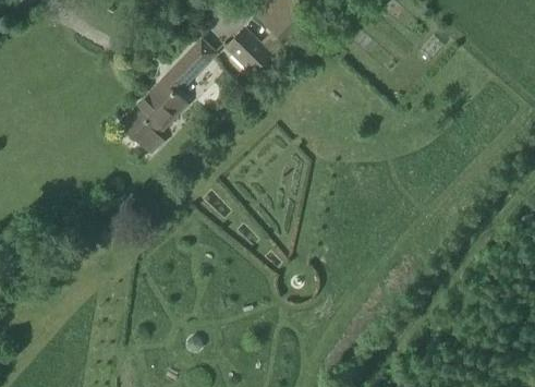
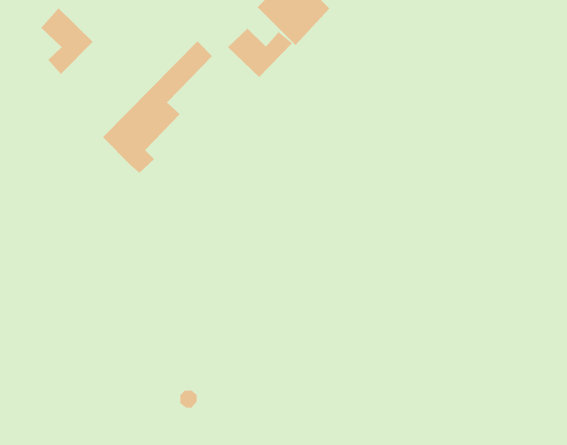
building: none -> [41,7,93,75]

